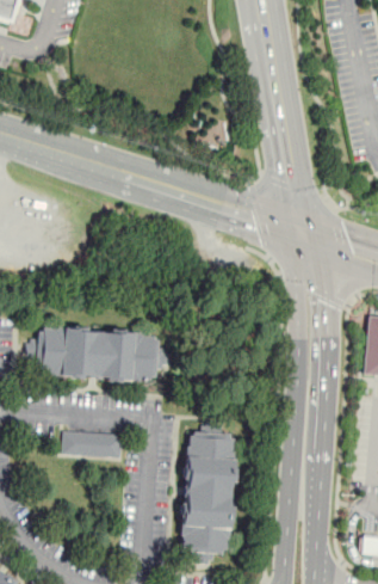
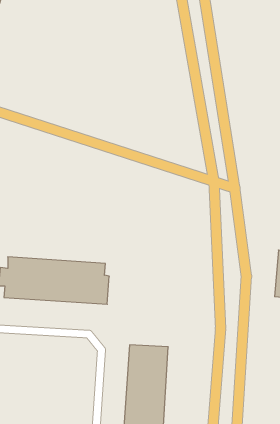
building: [62,430,125,459] -> none

